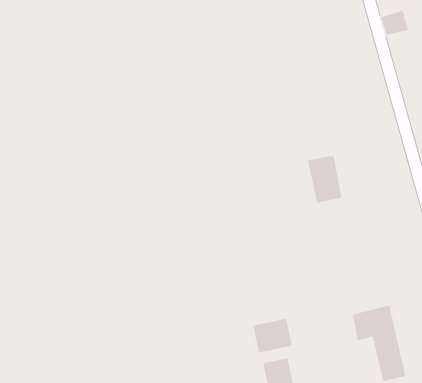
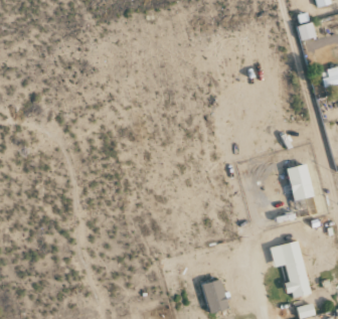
building: [307,155,342,204] -> [288,164,314,200]
building: [252,318,293,353] -> none

